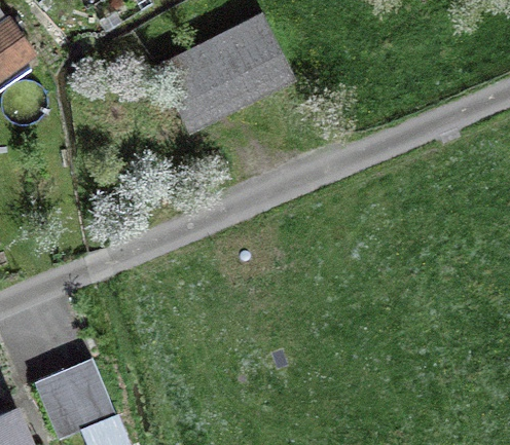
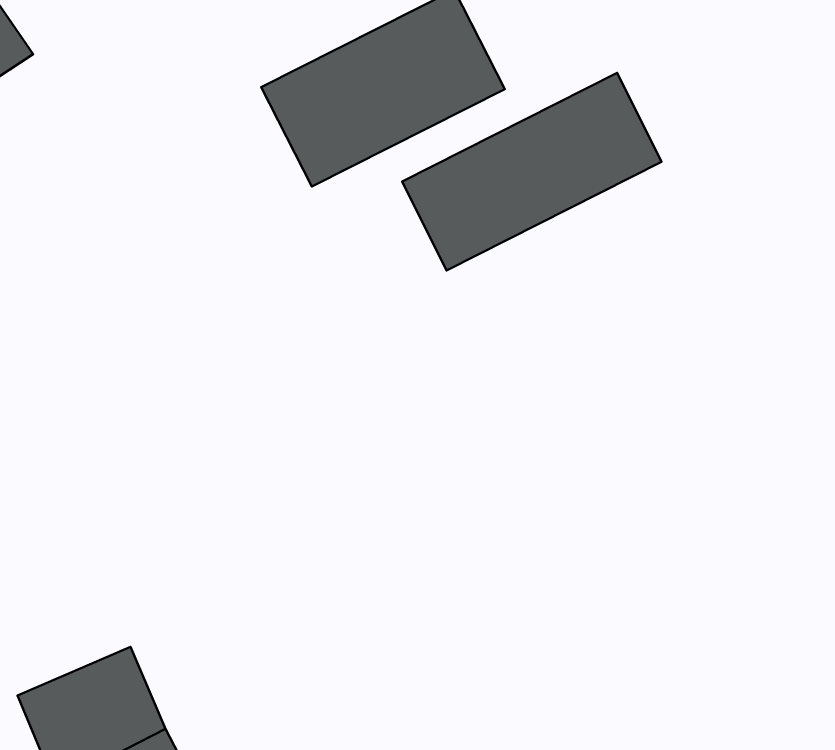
building: none -> [402,73,662,271]

